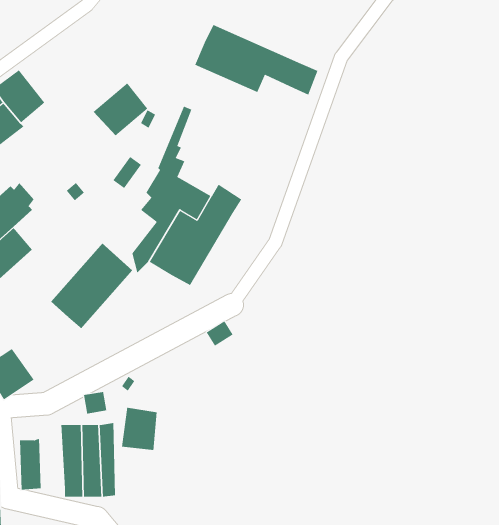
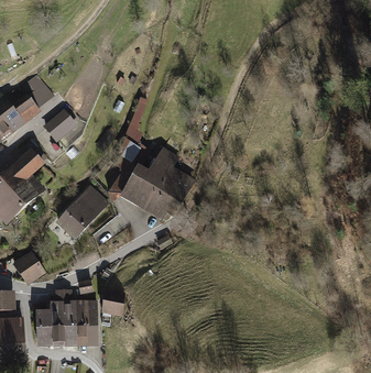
building: [194,24,318,96] -> none
building: [93,82,148,136] -> [42,109,77,143]
building: none -> [145,165,195,220]
building: none -> [50,288,72,340]

